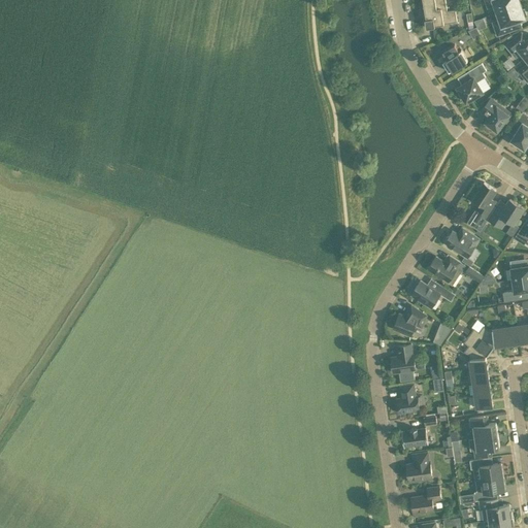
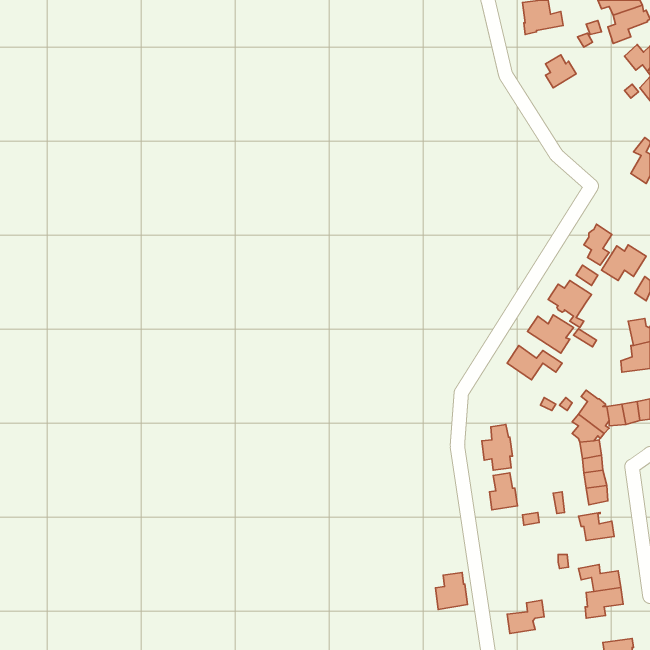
building: [456,64,489,103] -> none
building: [480,99,512,131] -> none
building: [392,305,426,335] -> none
building: [400,428,427,448] -> none
building: [473,435,498,458] -> none
building: [405,453,431,483] -> [435,573,467,610]
building: [477,498,512,521] -> none

